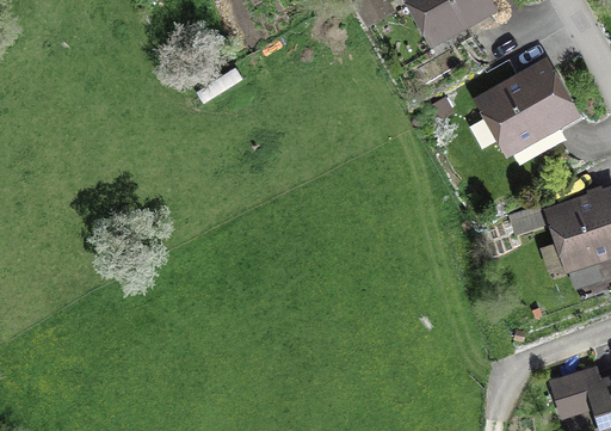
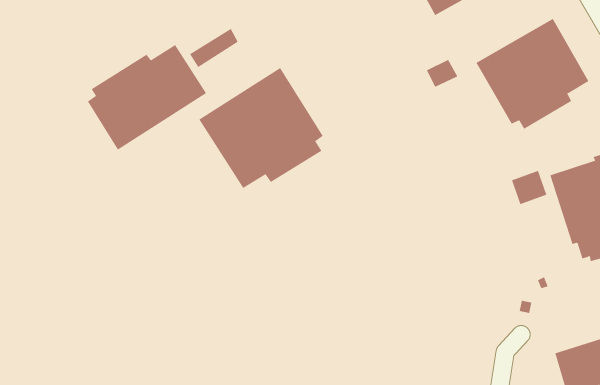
building: none -> [87,44,207,150]
building: none -> [198,67,323,189]

